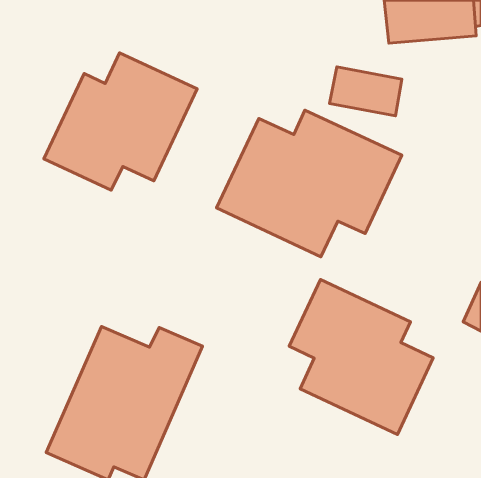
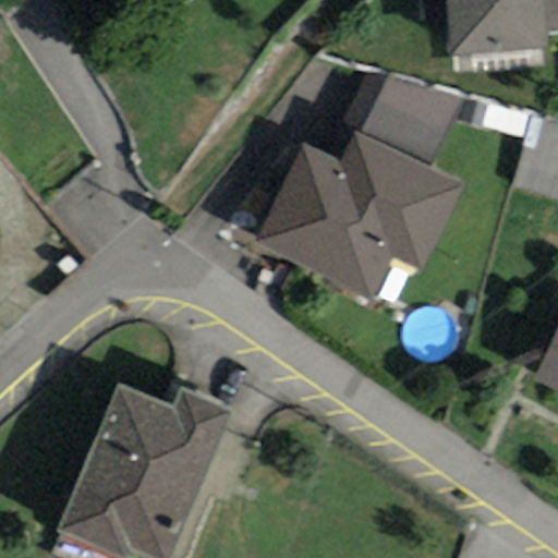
building: [44,53,197,190] -> none
building: [289,279,433,435] -> none

